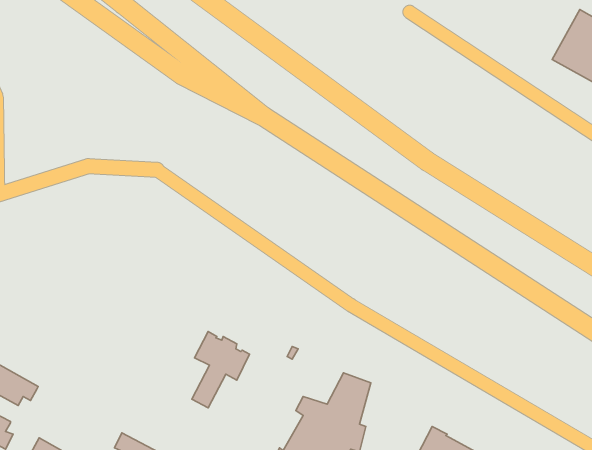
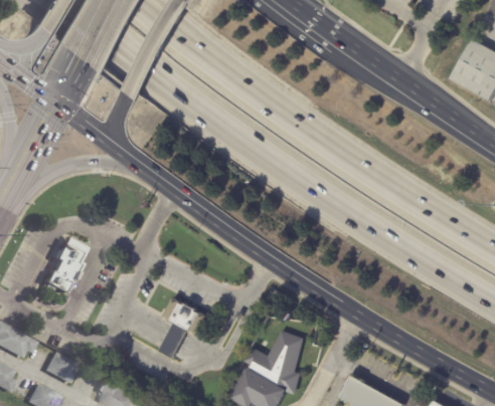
building: none -> [40,237,84,294]
building: none -> [43,352,77,383]

